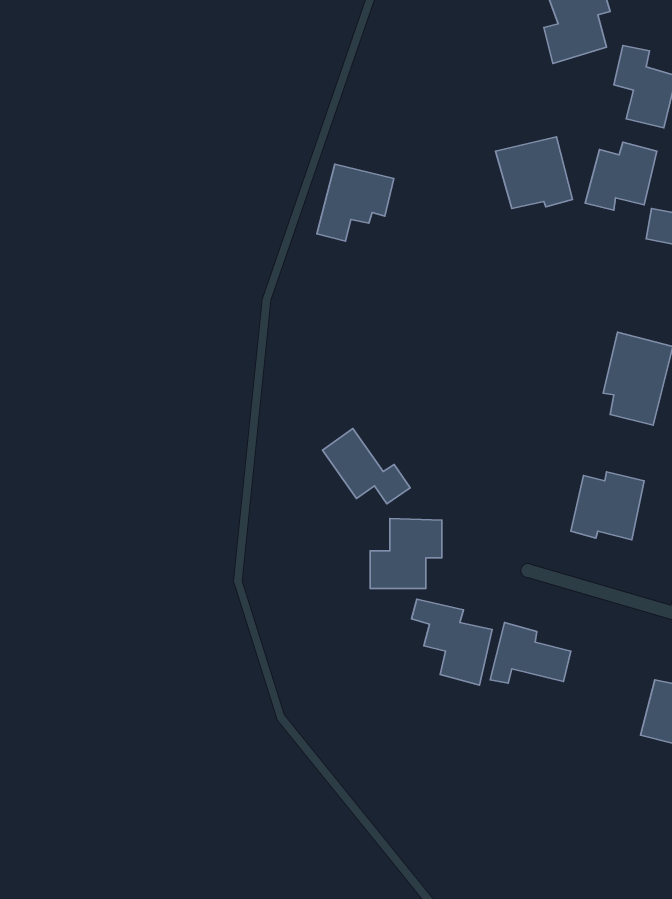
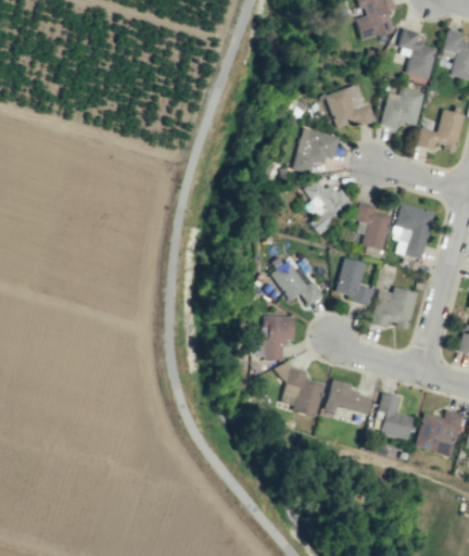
building: [317,164,394,241] -> [293,127,340,174]
building: none -> [303,178,351,231]
building: none -> [355,202,391,250]
building: none -> [337,257,372,305]
building: [322,429,410,504] -> [269,258,322,304]
building: none -> [377,392,414,440]

